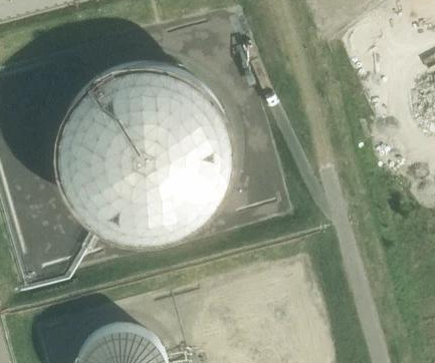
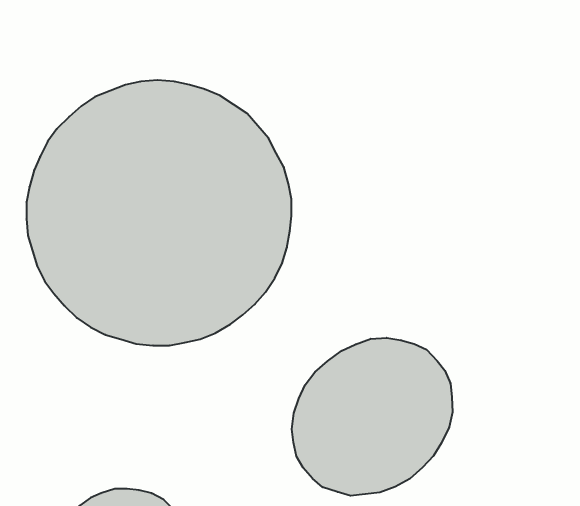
building: none -> [292,338,453,496]

